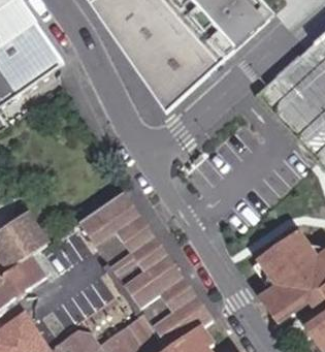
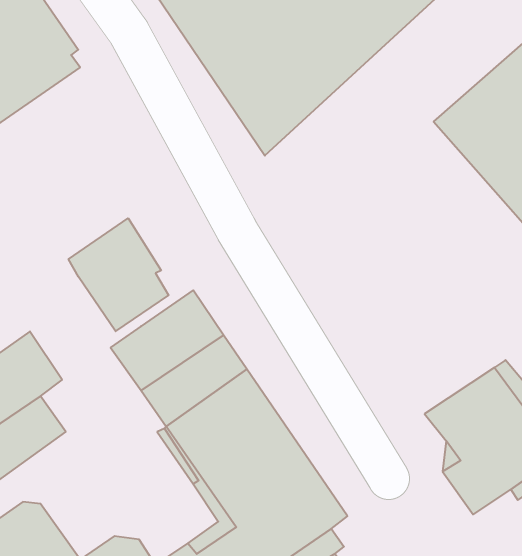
building: none -> [69,218,169,331]

